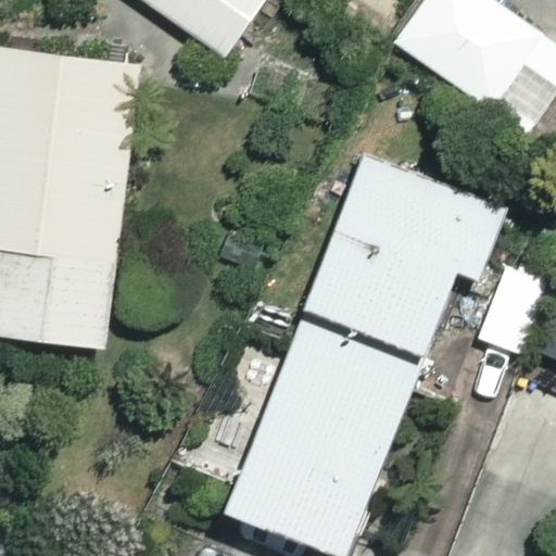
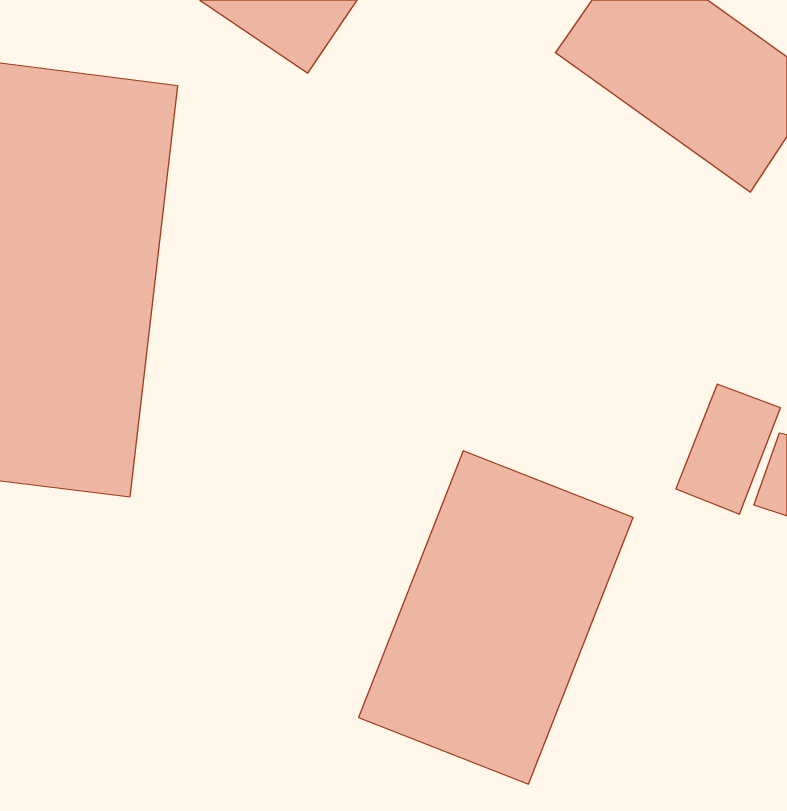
building: [318,140,519,334] -> none

